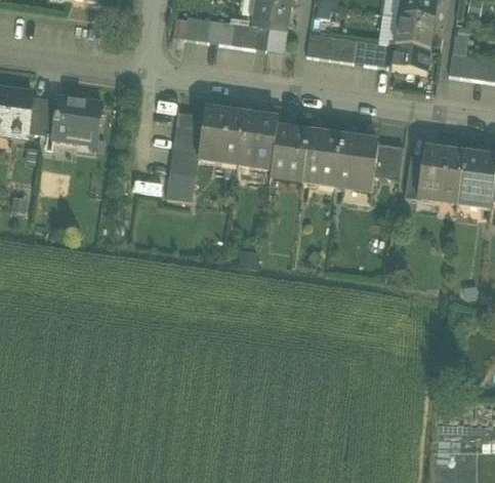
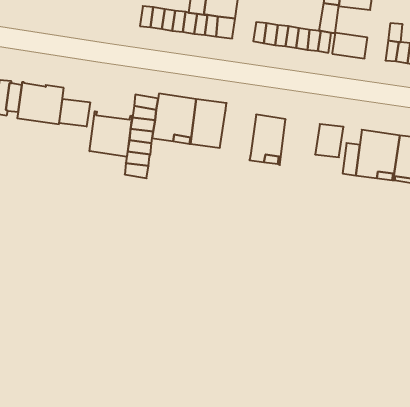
building: [395,14,434,49] -> none
building: none -> [59,99,90,127]
building: [271,128,310,176] -> none
building: none -> [90,111,132,157]
building: [335,137,378,191] -> none

